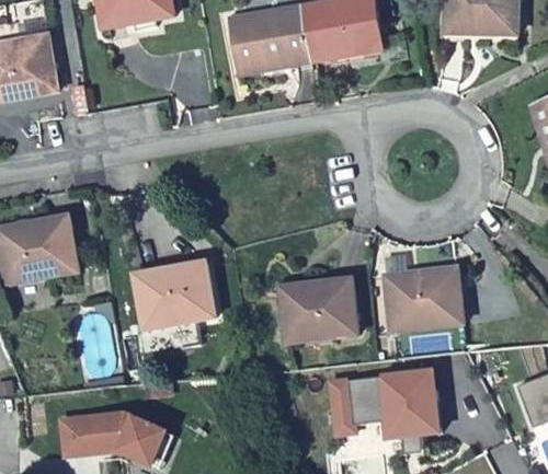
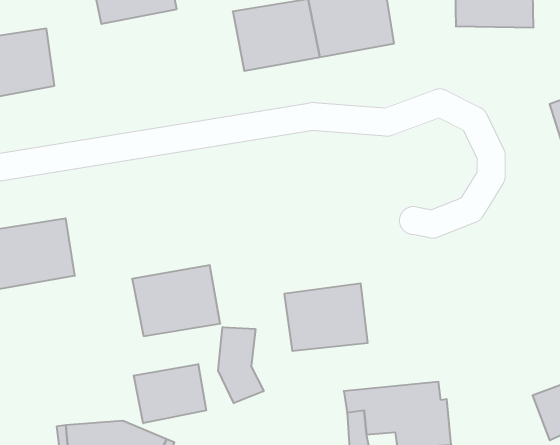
building: [381,266,463,332] -> none
building: none -> [218,327,264,403]
building: none -> [134,364,206,423]

